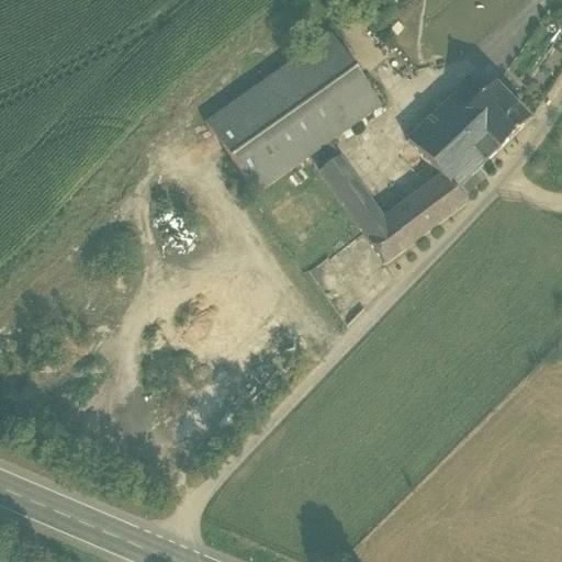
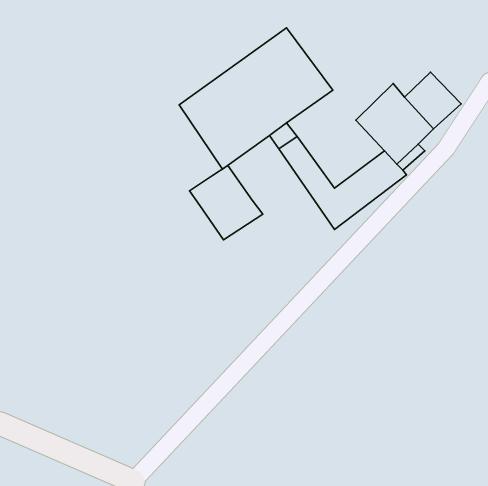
building: [452,69,495,111] -> none
building: none -> [190,166,263,240]

